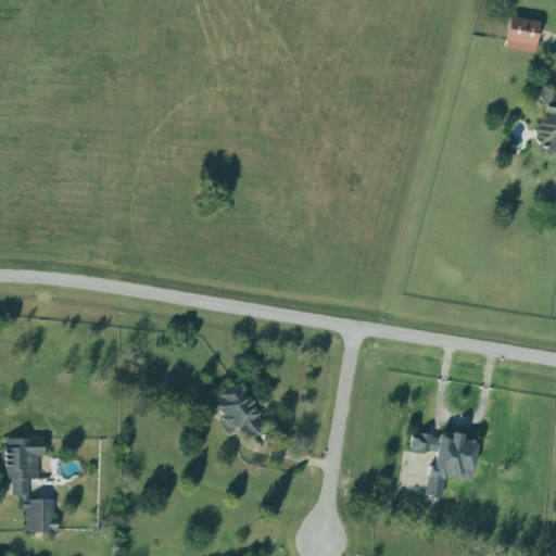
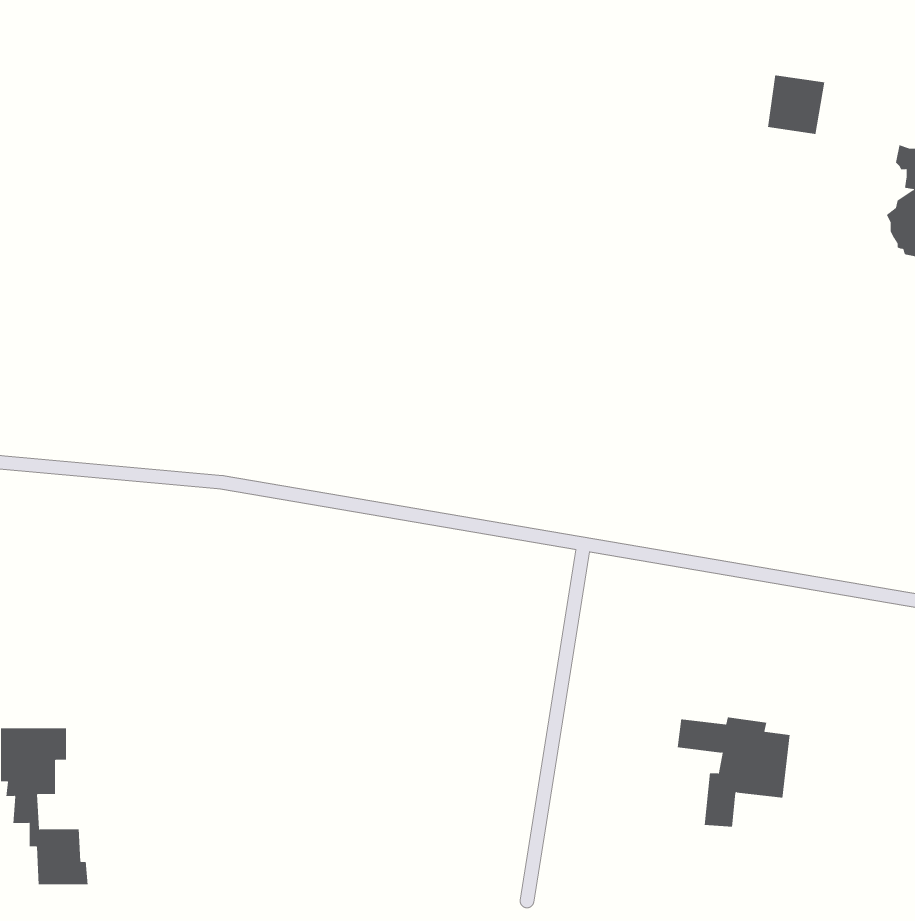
building: [508,16,543,52] -> [767,75,825,135]
building: [206,384,269,440] -> none

